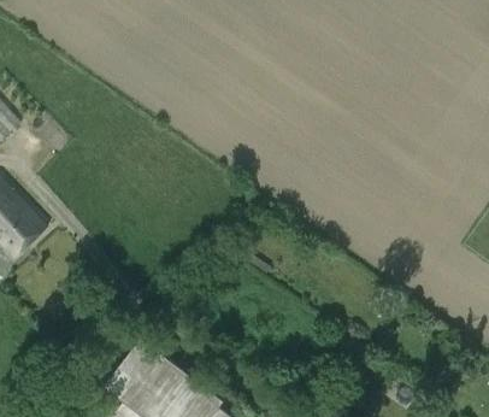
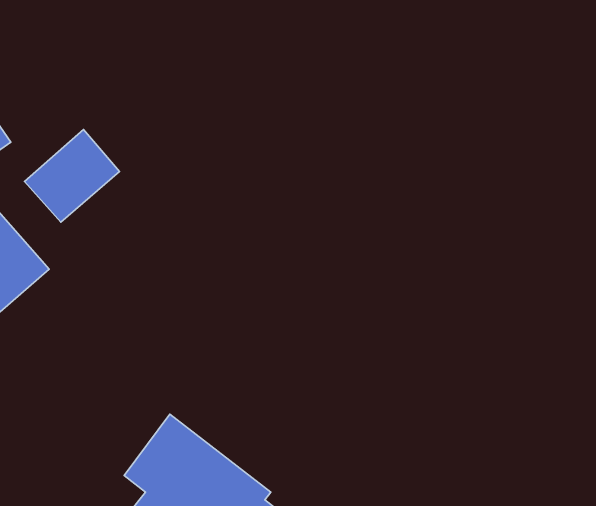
building: none -> [25,130,119,222]

